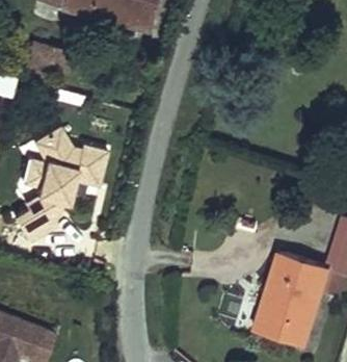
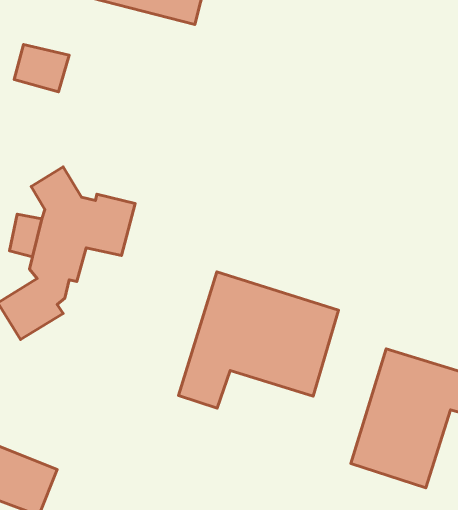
building: none -> [179,272,339,408]

